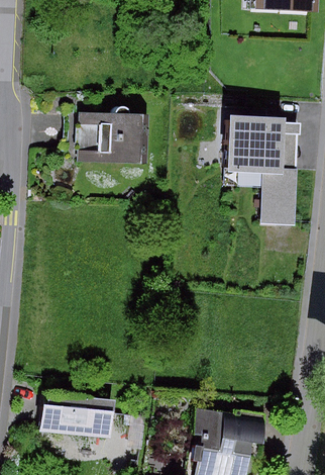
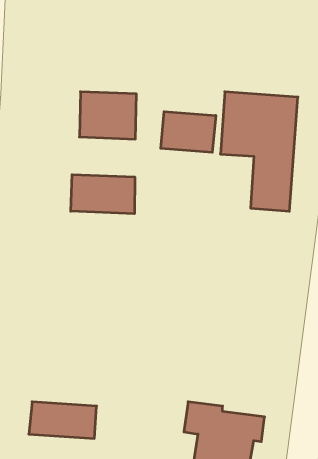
building: none -> [161,112,216,152]
building: none -> [71,175,135,214]

